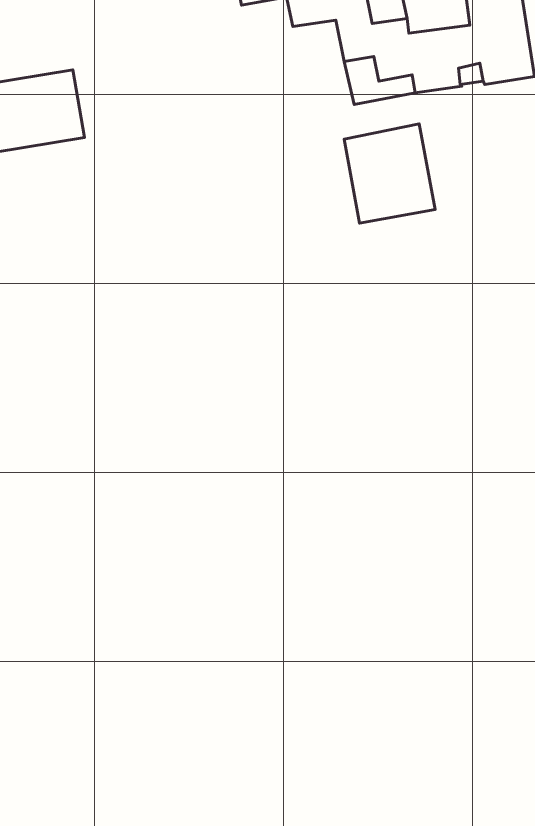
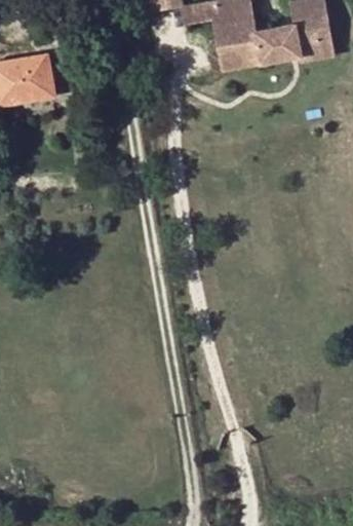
building: [344,124,435,223] -> none

